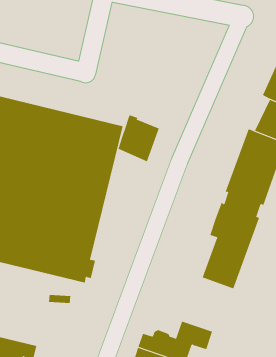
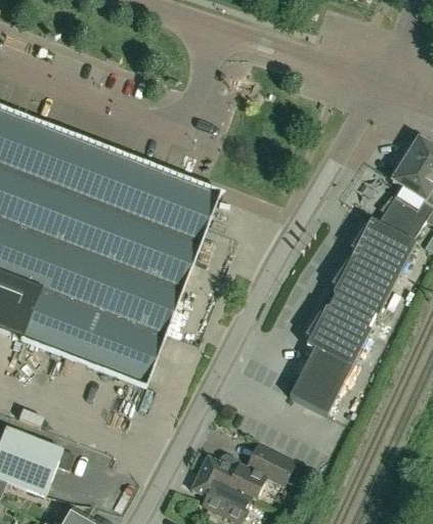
building: [118,115,159,162] -> none

